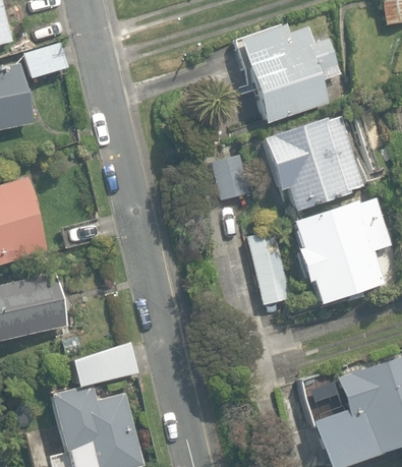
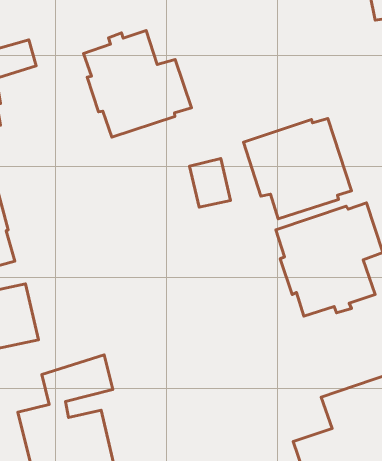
building: [237,23,341,124] -> none
building: none -> [83,31,191,137]
building: [246,230,292,305] -> none

